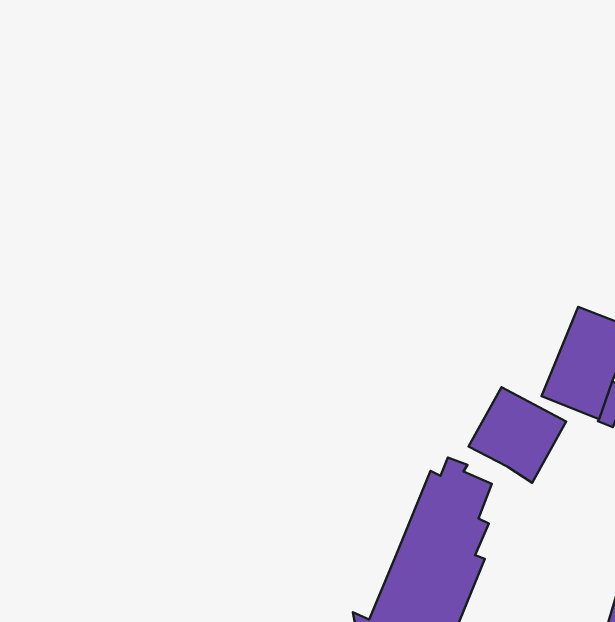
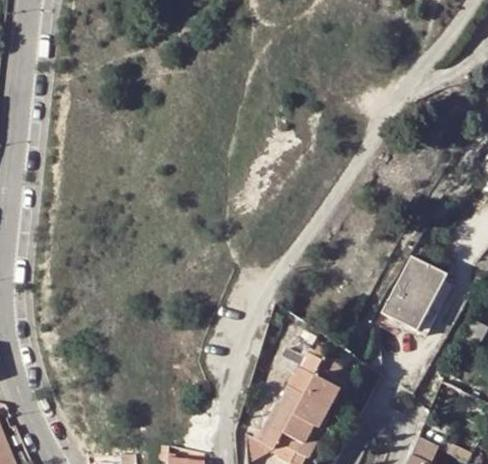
building: [469,387,566,483] -> none

